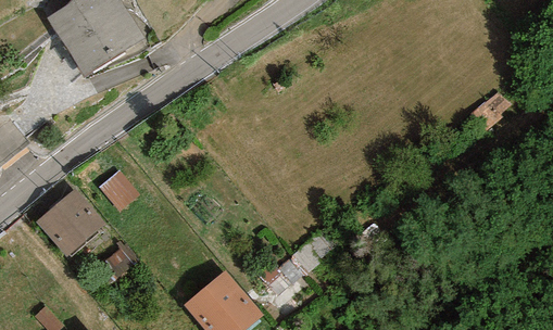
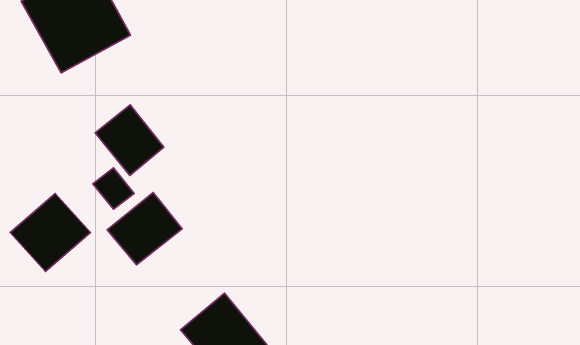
building: none -> [95,105,164,176]
building: none -> [107,193,182,265]

